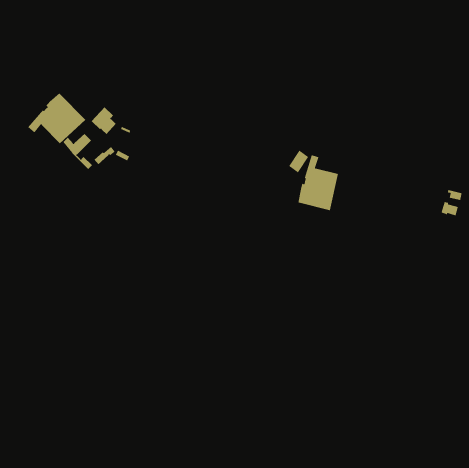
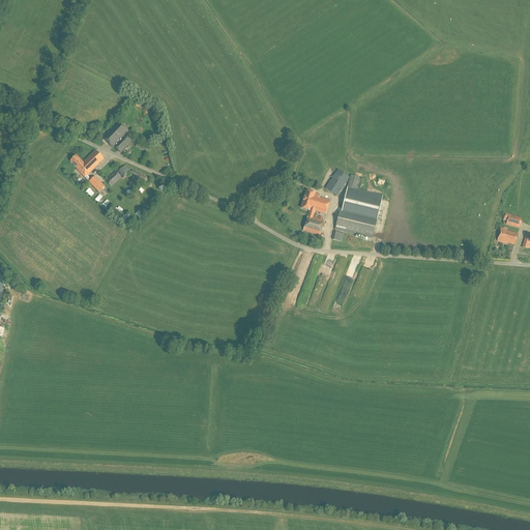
building: [27,93,86,144] -> none
building: none -> [301,189,330,235]

